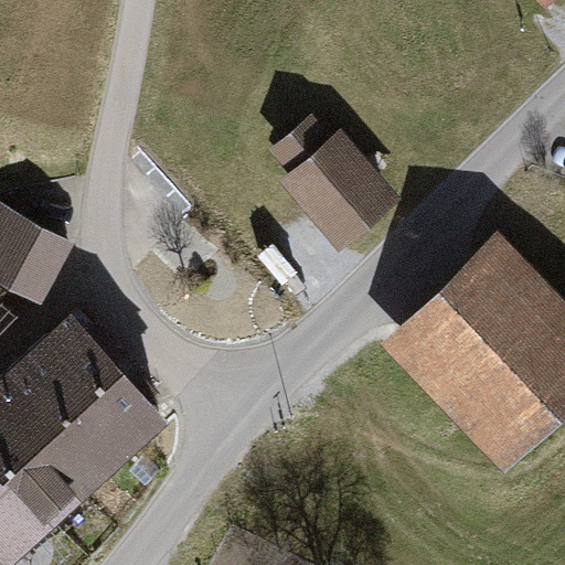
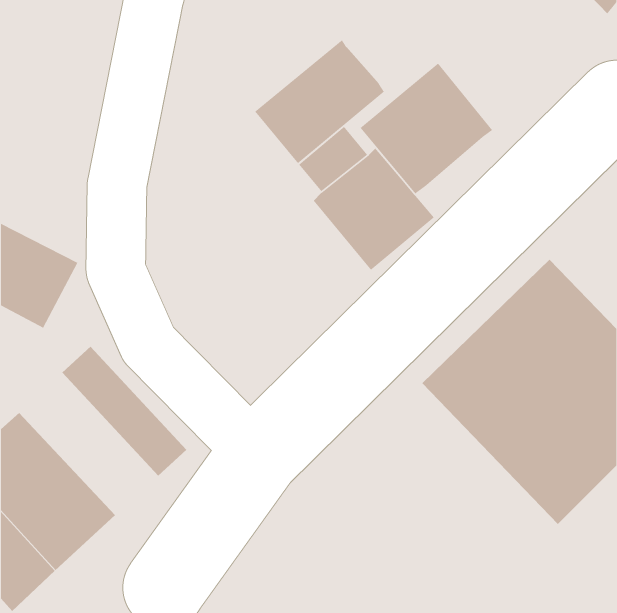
building: none -> [254,39,385,164]
building: none -> [360,62,493,194]
building: [18,340,145,470] -> none

